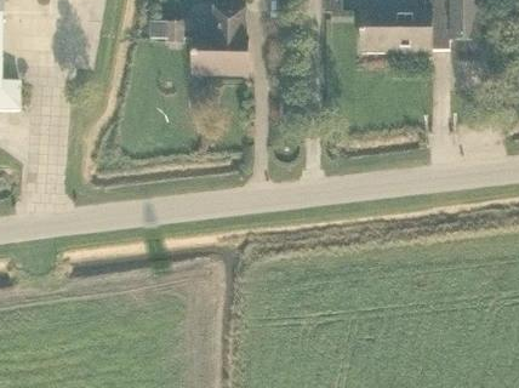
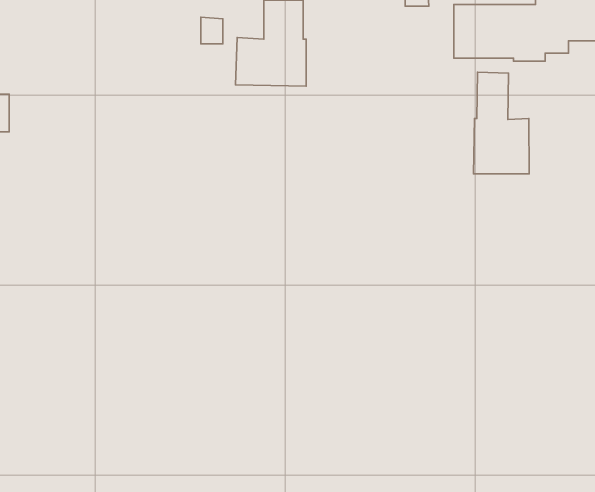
building: none -> [474,72,529,174]

